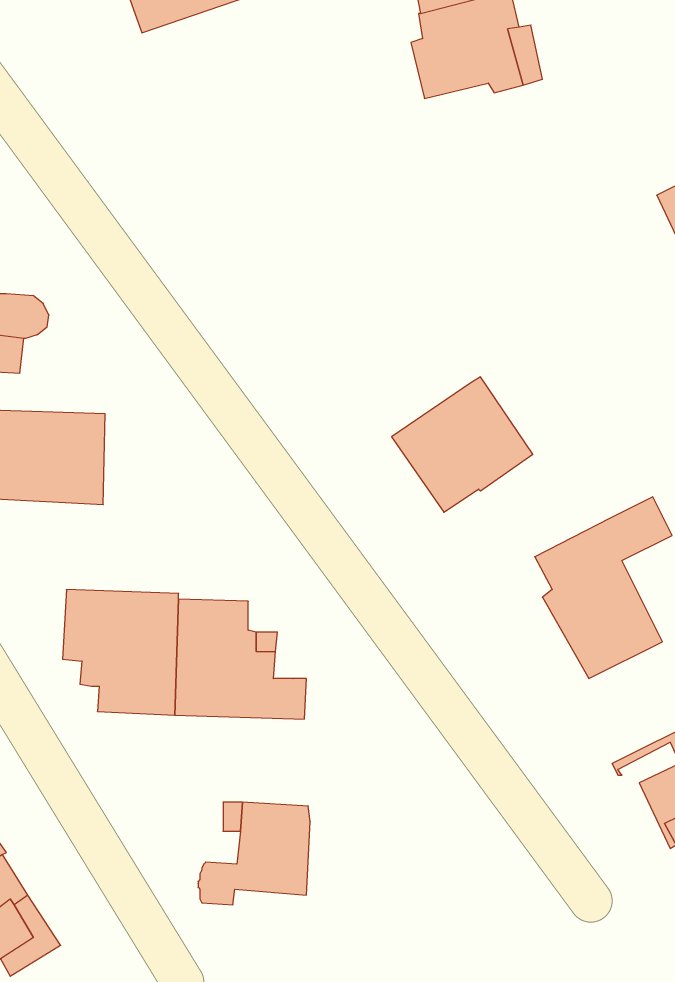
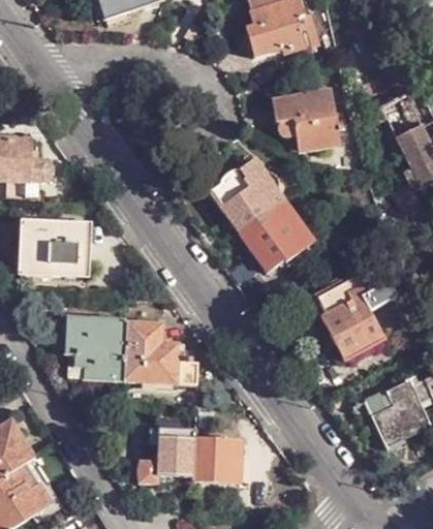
building: none -> [271,87,338,148]
building: none -> [211,161,282,234]
building: none -> [194,439,243,483]

